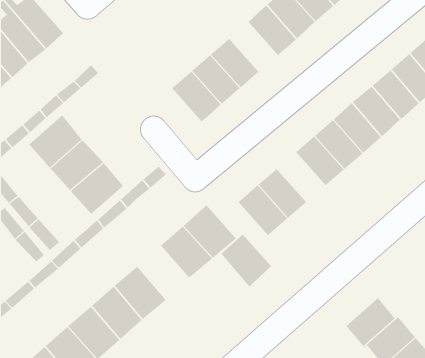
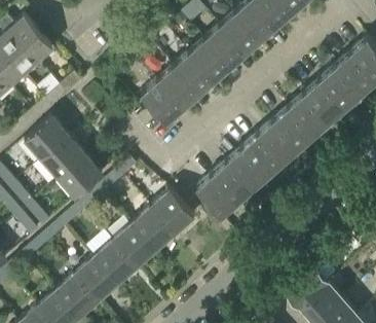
building: none -> [189,40,229,81]
building: none -> [228,147,268,188]
building: [220,234,272,288] -> [114,224,156,268]

